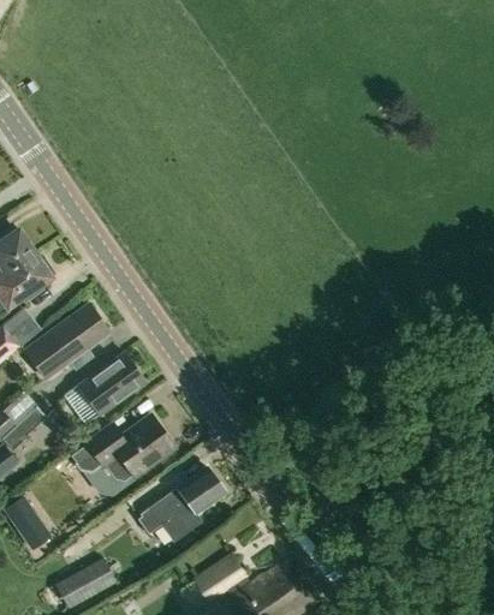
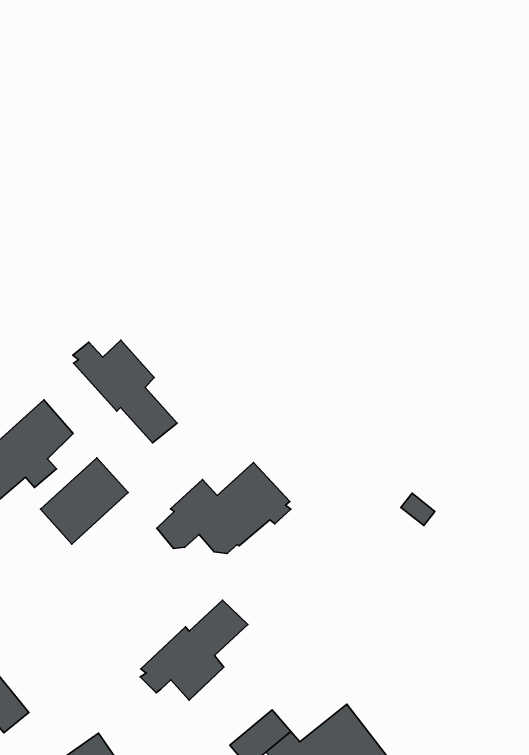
building: none -> [73,340,177,443]
building: [71,416,173,482] -> [157,462,291,554]

